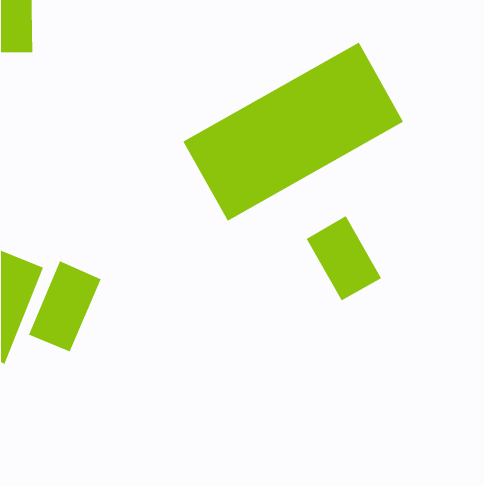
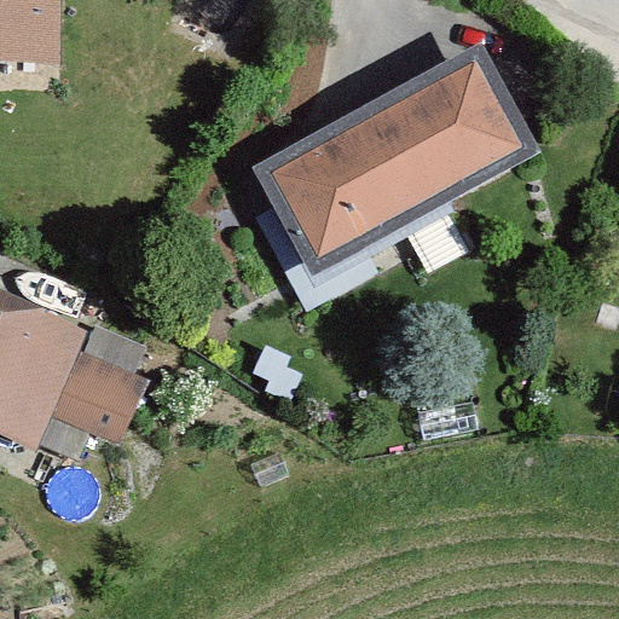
building: [306,215,382,301] -> none

